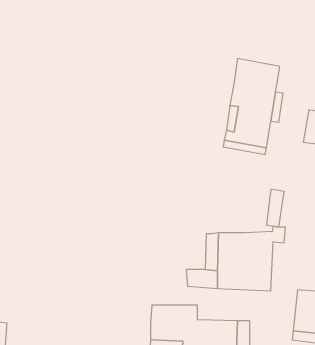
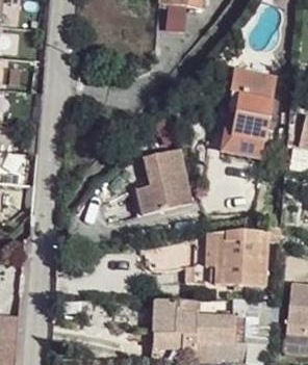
building: none -> [135,149,192,213]

